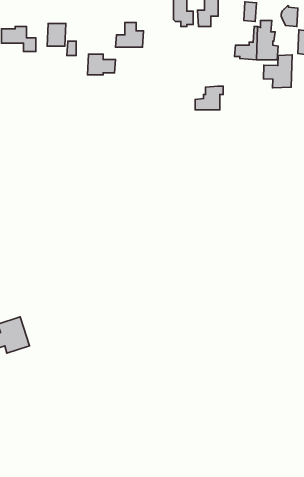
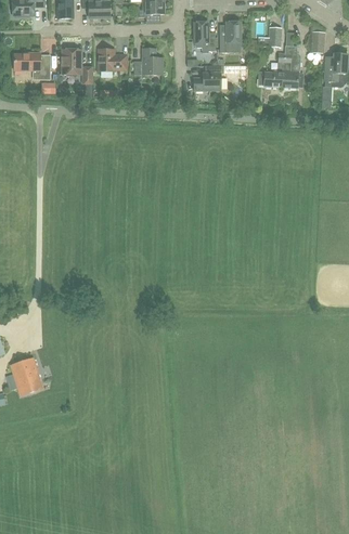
building: [88,54,115,75] -> [98,49,127,70]
building: [264,55,292,88] -> none
building: [195,86,223,110] -> [194,64,223,89]

